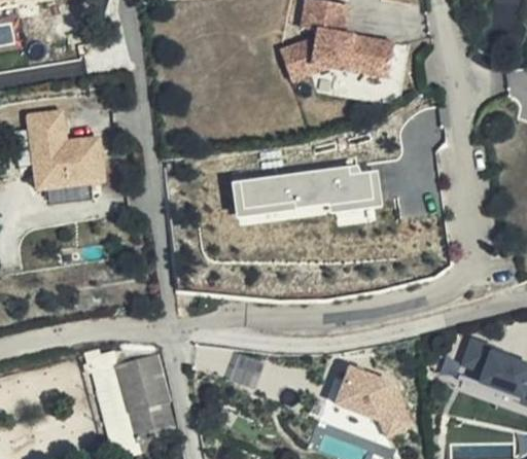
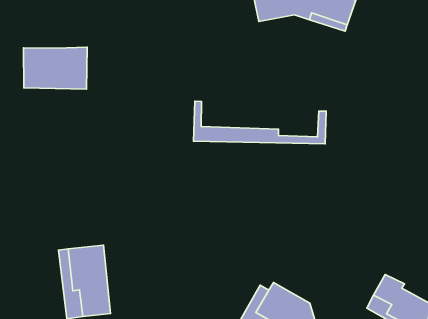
building: [30,112,70,149] -> none
building: [239,164,373,206] -> none

